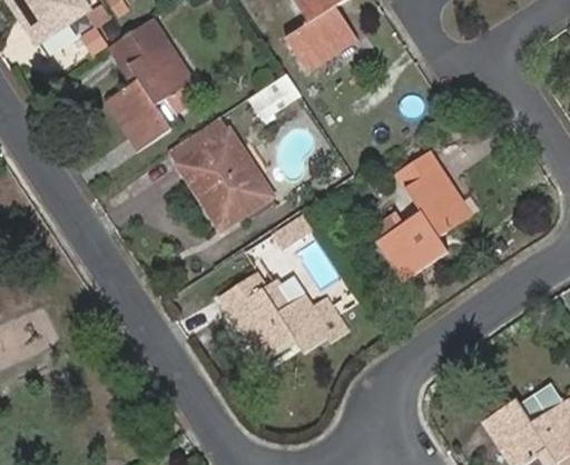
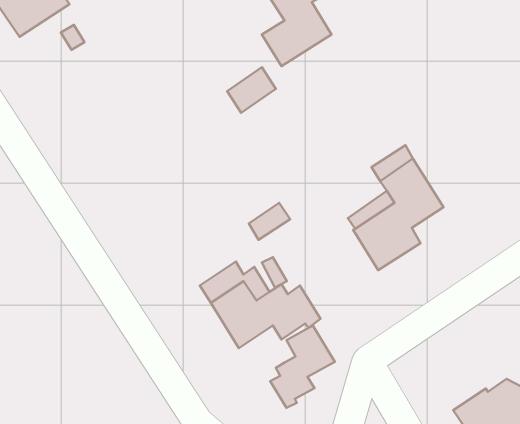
building: [108,17,194,149] -> none
building: [170,118,273,231] -> none
building: none -> [270,325,335,408]

